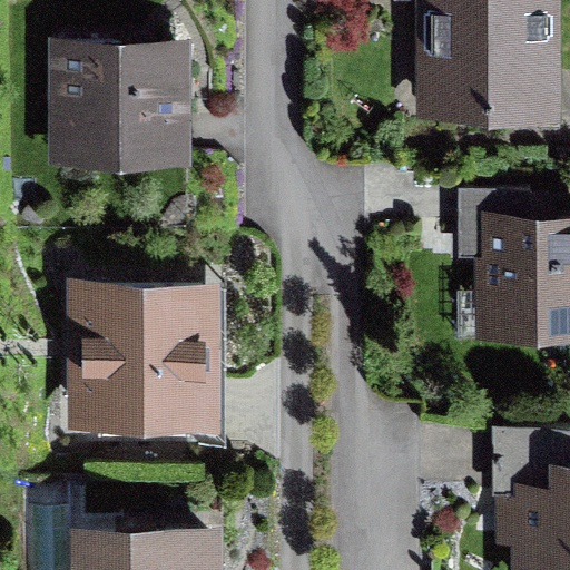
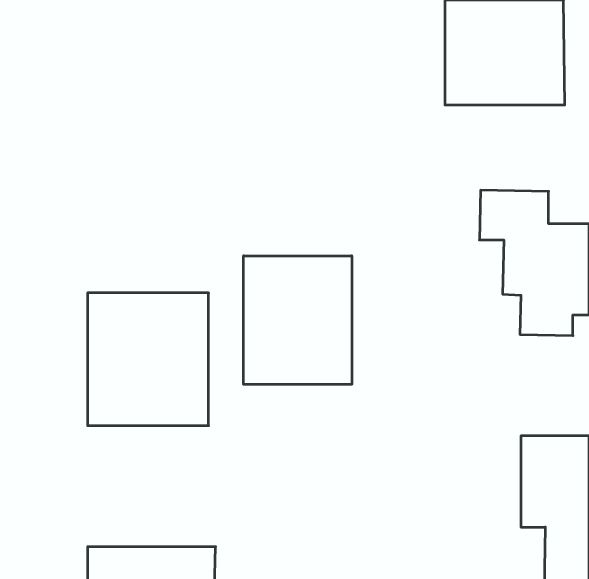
building: [61,46,177,161] -> none
building: none -> [244,256,352,384]

